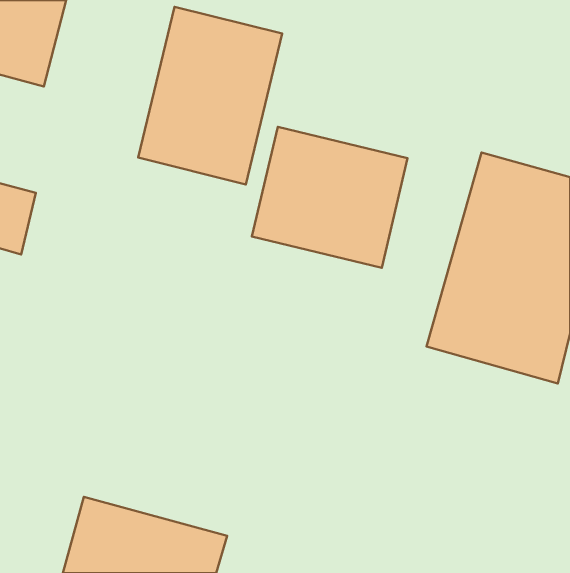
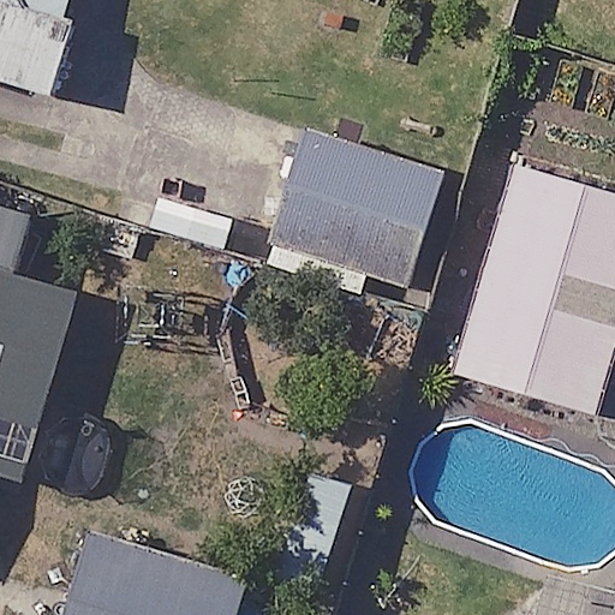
building: [138,7,282,185] -> none

